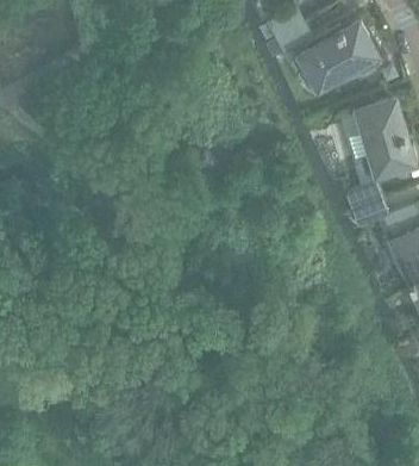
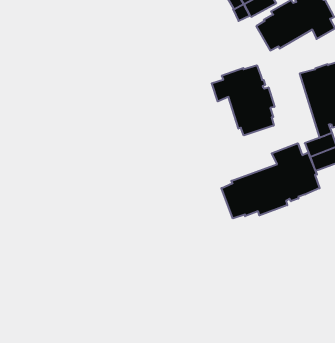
building: none -> [212,65,274,135]
building: none -> [221,143,320,218]

